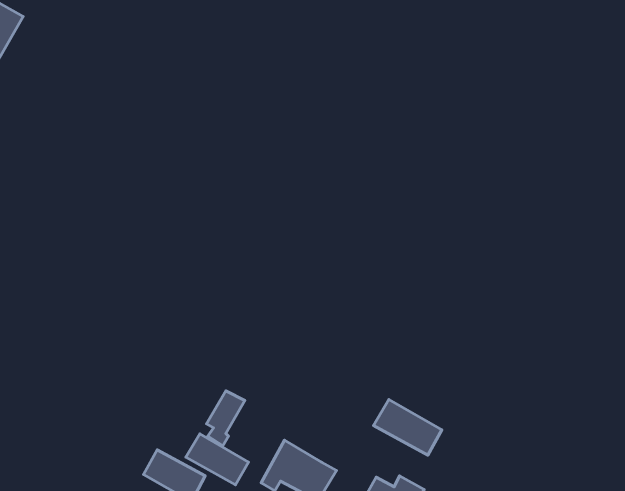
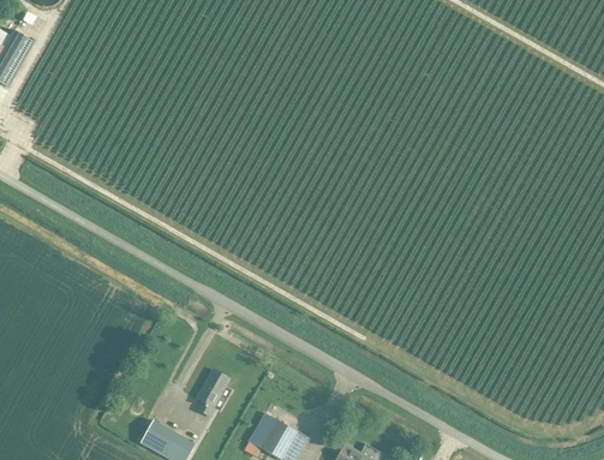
building: [373,399,442,455] -> none
building: [186,434,248,485] -> none

